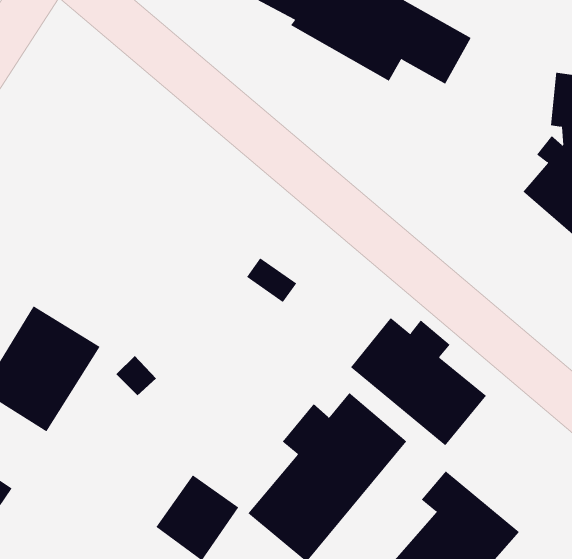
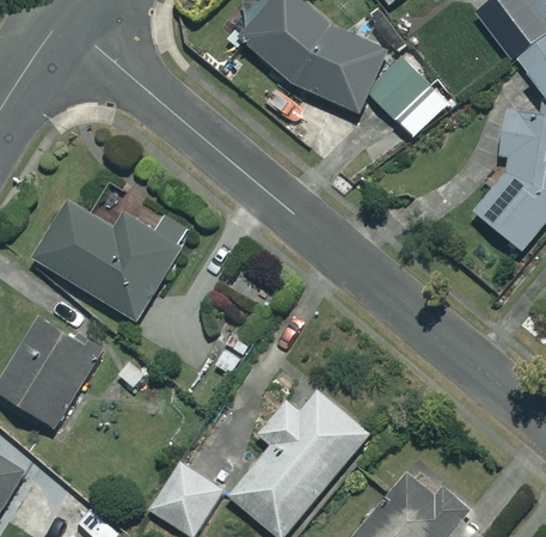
building: none -> [37,200,191,319]
building: [350,317,487,446] -> none

